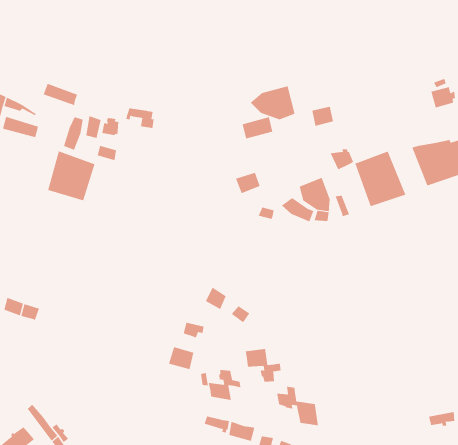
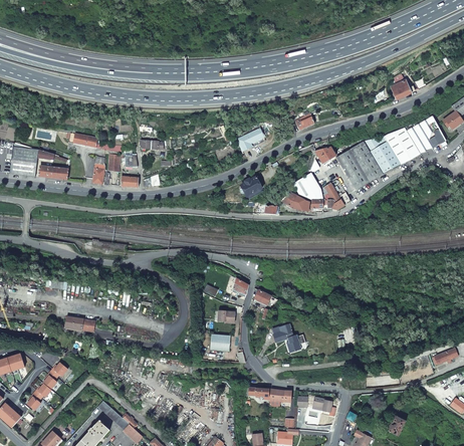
building: [250,86,295,120] -> none
building: none -> [364,135,401,175]
building: [47,151,95,201] -> none
building: [208,369,241,401] -> none
building: [276,386,318,426] -> none

